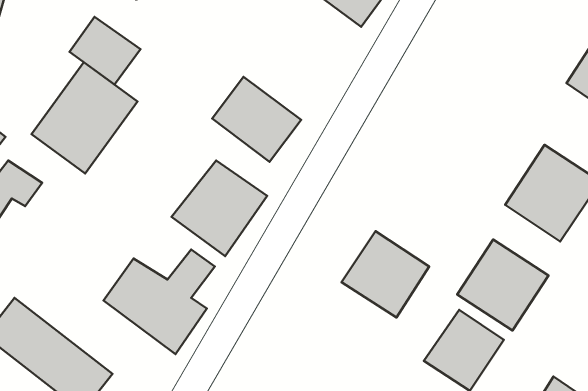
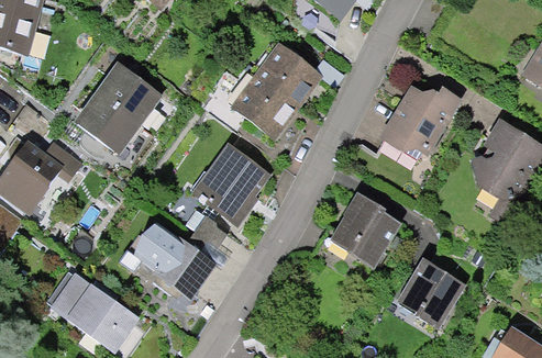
building: [70,17,140,84] -> none
building: none -> [250,36,324,107]
building: none -> [383,74,463,160]
building: [457,239,548,331] -> none

